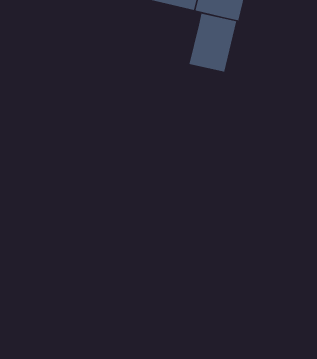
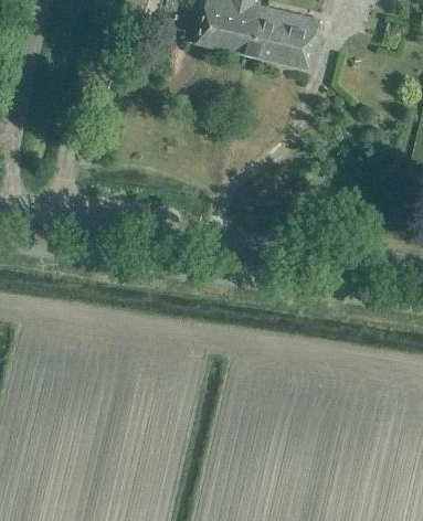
building: [189,13,237,73] -> none

